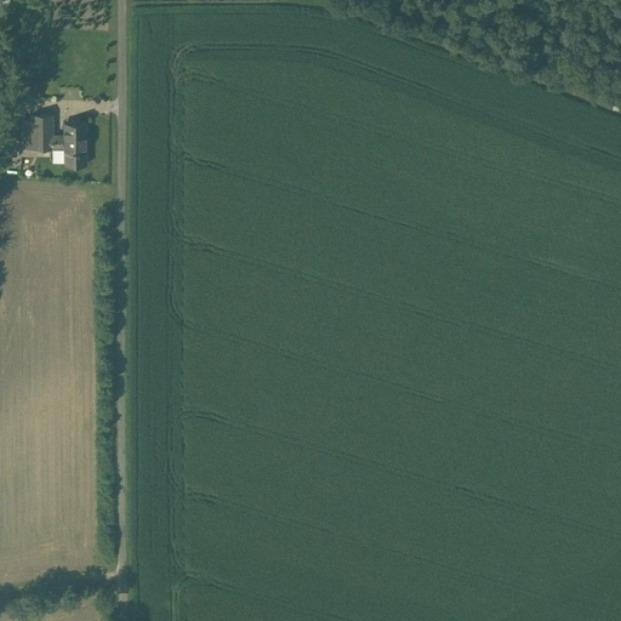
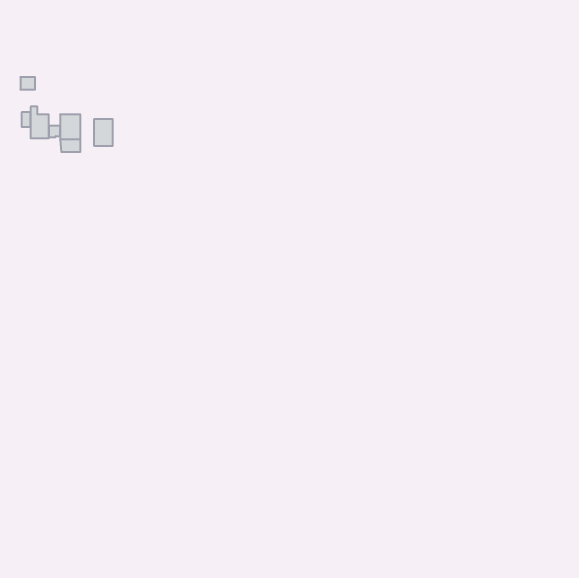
building: none -> [94,119,113,146]

